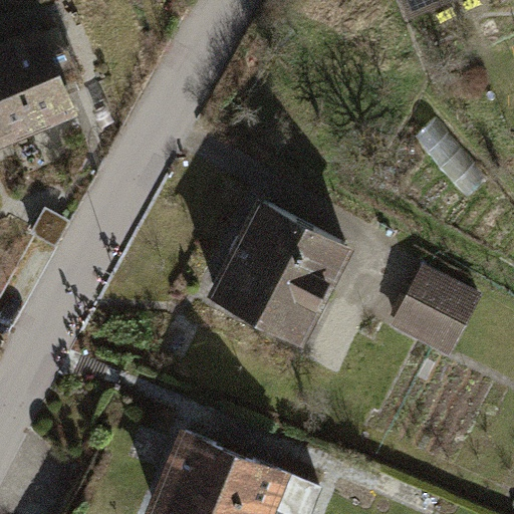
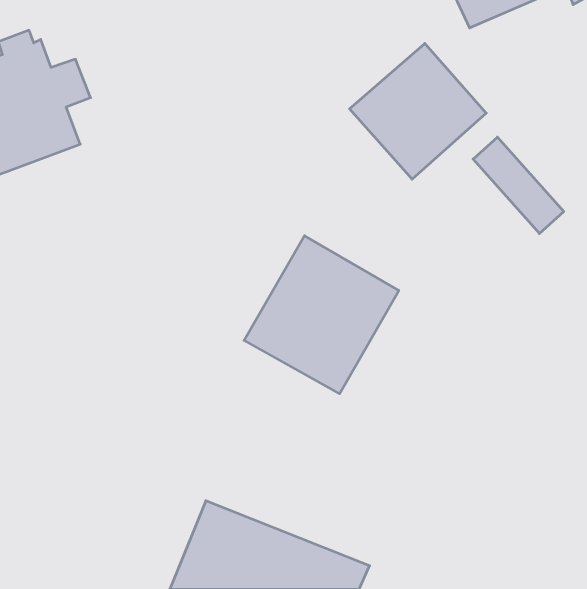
building: none -> [350,43,486,179]
building: [392,267,479,353] -> none

